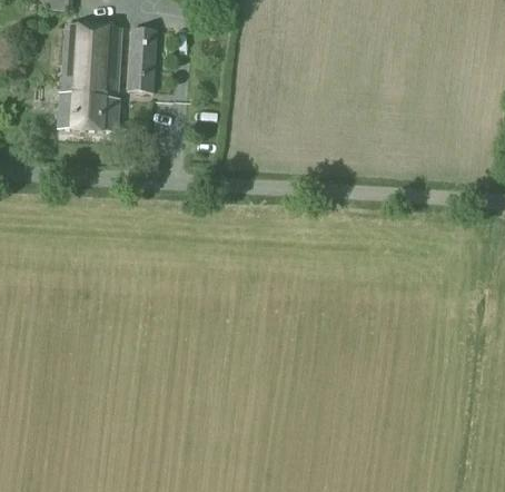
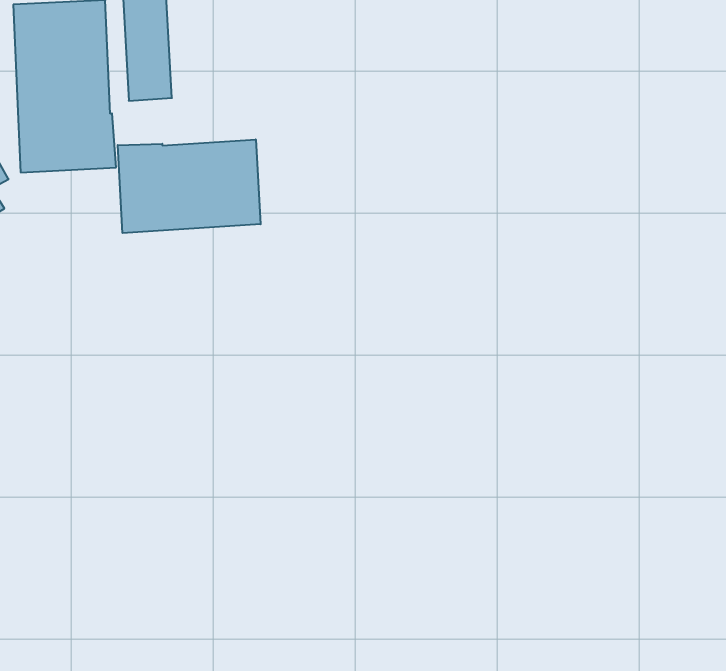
building: none -> [118,139,261,233]

